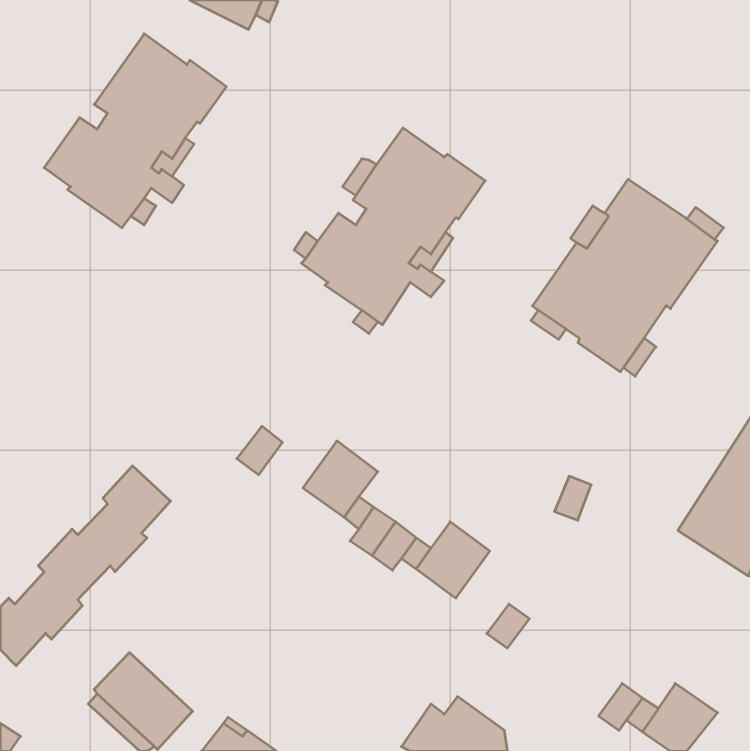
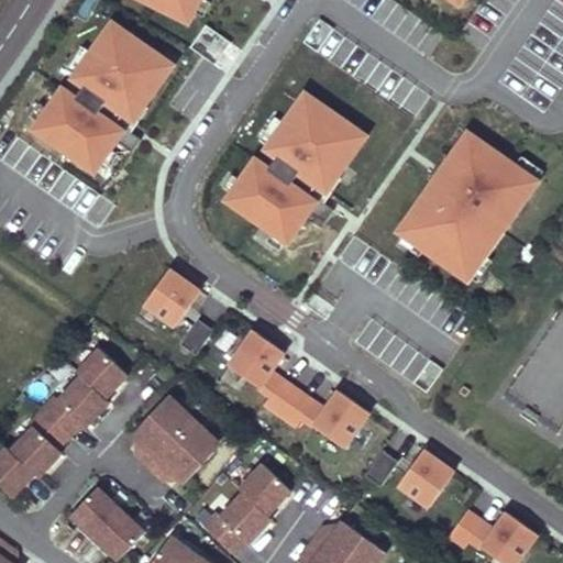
building: none -> [144,269,199,327]
building: none -> [132,402,214,484]
building: none -> [397,451,453,508]
building: none -> [205,464,291,553]

